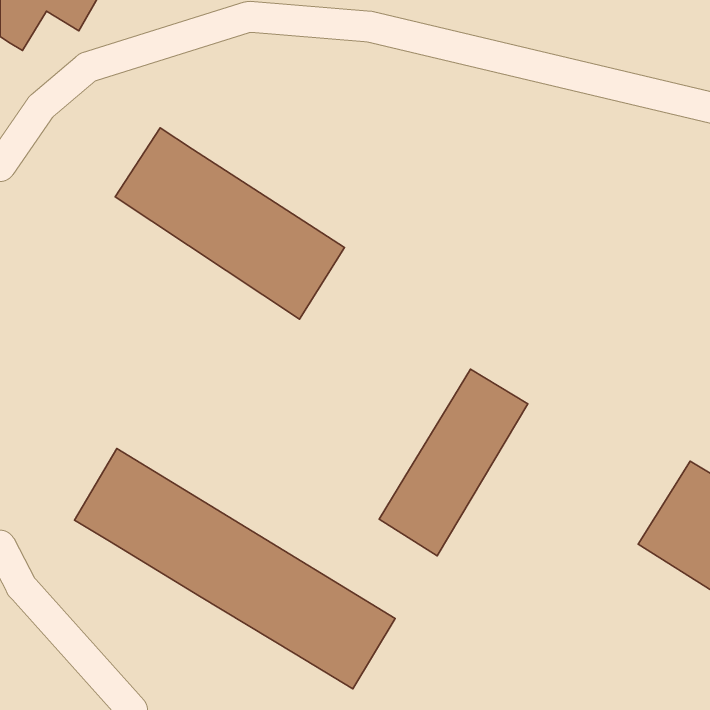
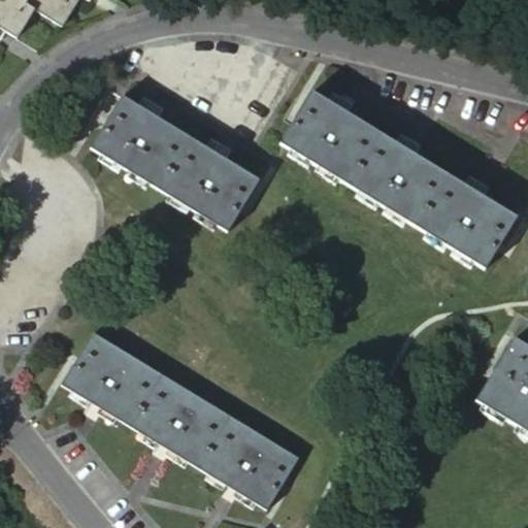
building: none -> [285,91,518,269]
building: [379,369,528,556] -> none

